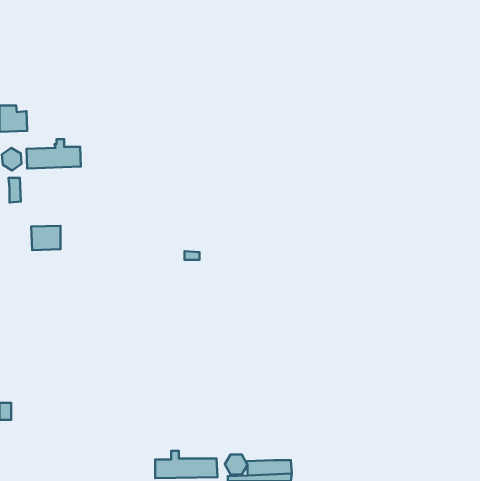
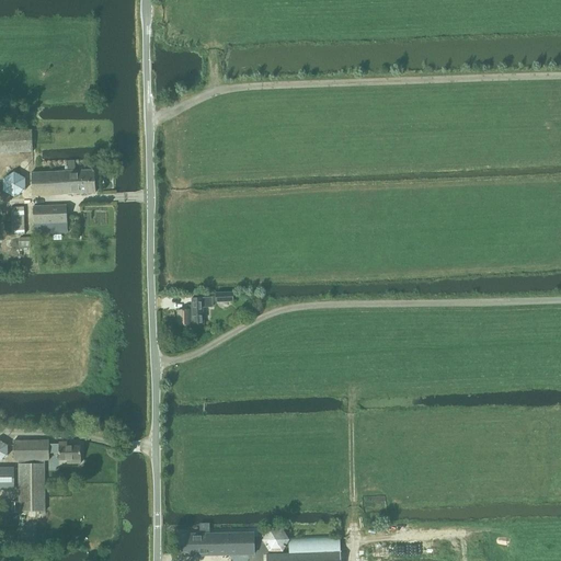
building: [31,226,60,250] -> [32,206,66,234]
building: none -> [176,298,211,327]
building: none -> [13,440,80,512]

